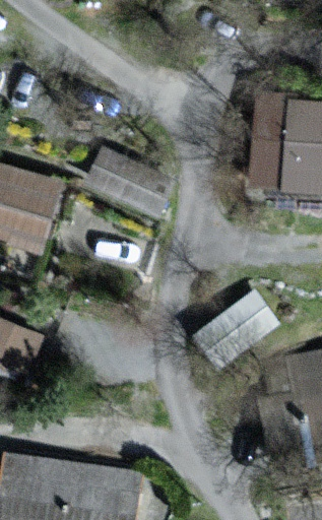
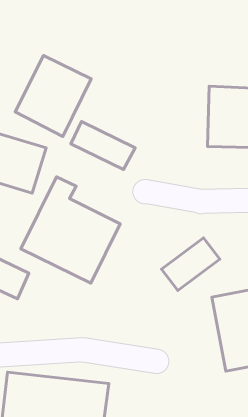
building: none -> [15,55,91,137]
building: none -> [21,177,120,283]

